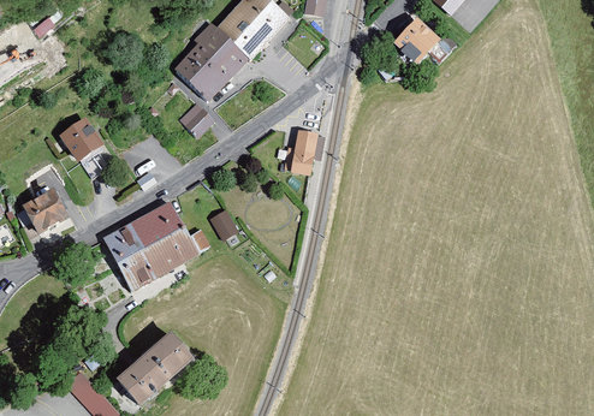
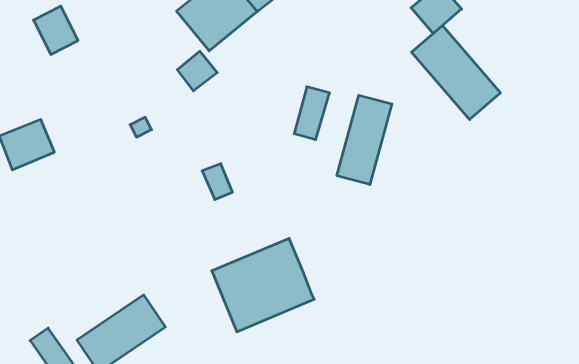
building: none -> [412,25,500,120]
building: [64,120,107,166] -> [33,6,78,54]
building: none -> [337,95,392,185]
building: [105,197,202,289] -> [212,238,314,332]

